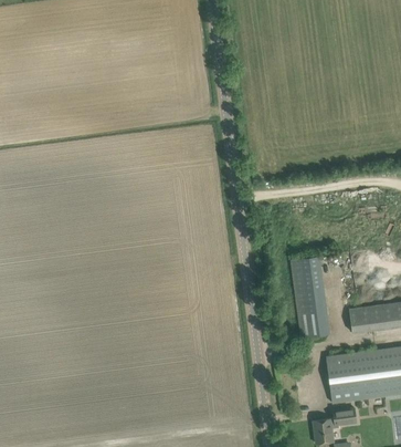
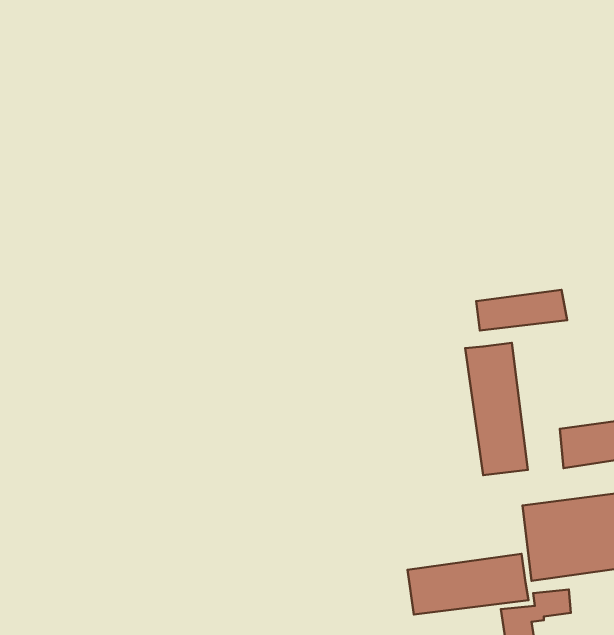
building: none -> [476,290,567,330]
building: none -> [407,554,529,614]

